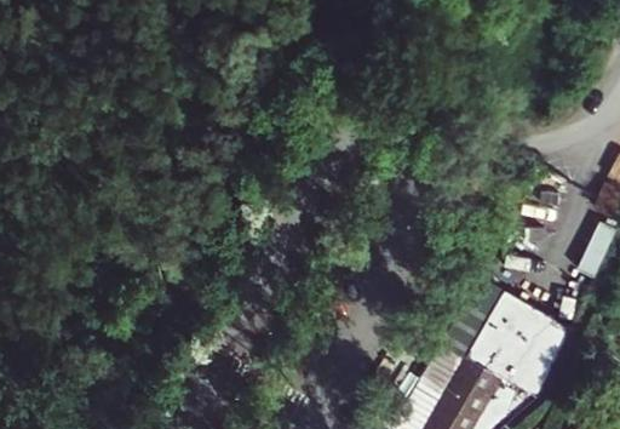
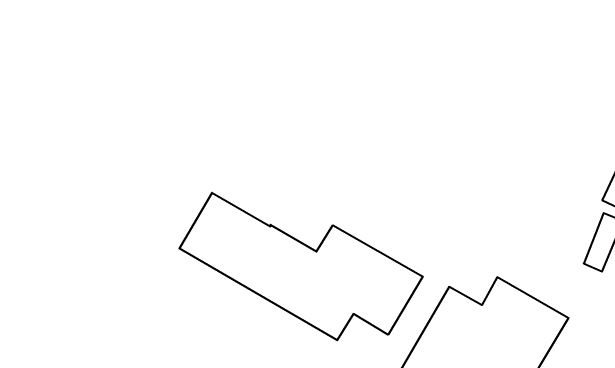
building: none -> [179,193,423,340]

